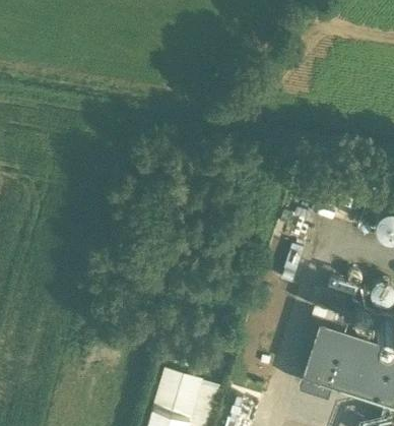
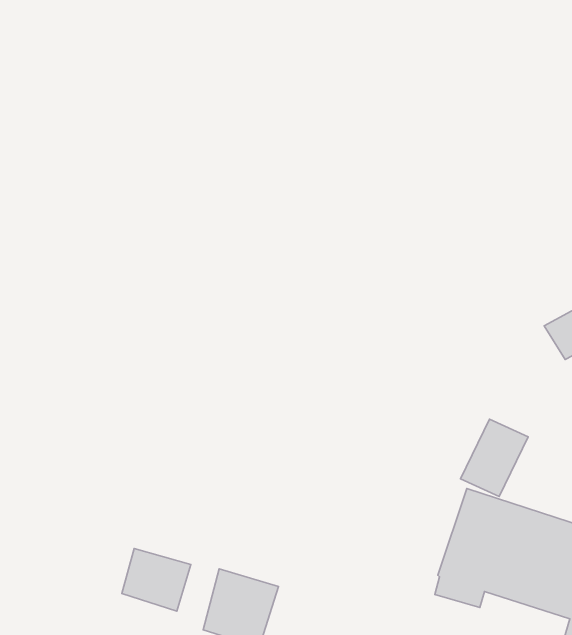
building: none -> [122,549,191,611]

